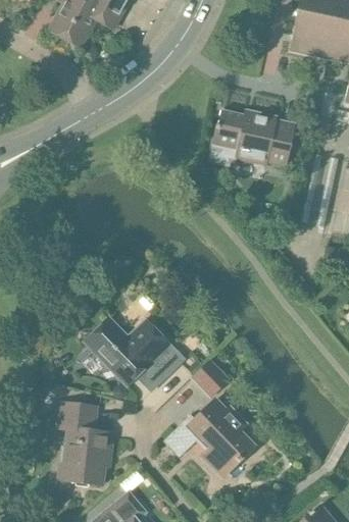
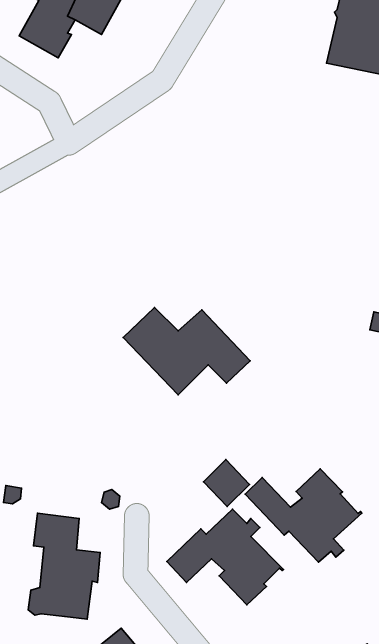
building: [212,109,296,165] -> none
building: [85,317,184,385] -> [123,307,250,395]
building: none -> [245,469,362,562]

